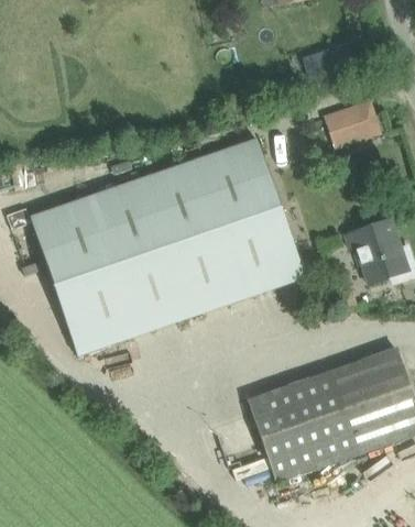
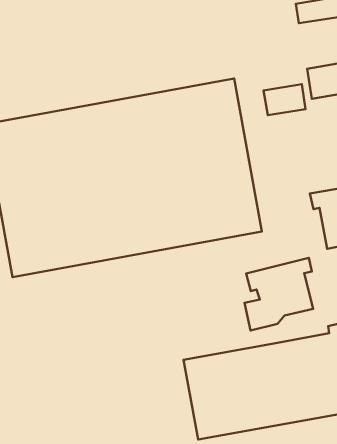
building: none -> [263,84,305,115]
building: none -> [244,258,313,331]

